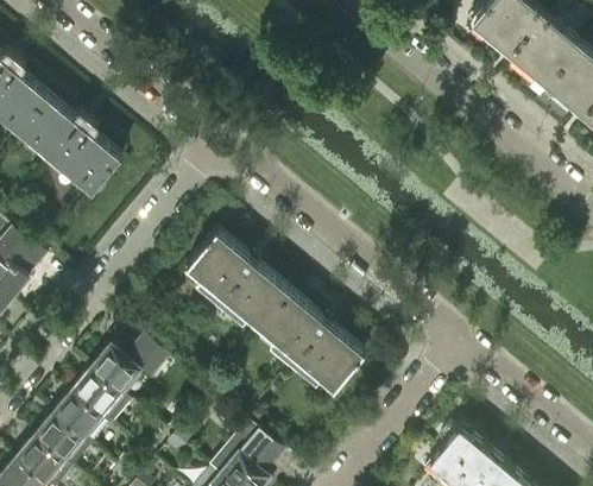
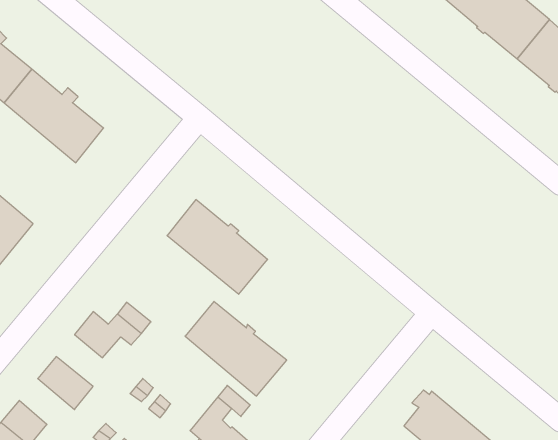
building: [259,294,364,391] -> [185,301,287,396]
building: [71,371,130,427] -> none
building: [33,416,90,471] -> none

